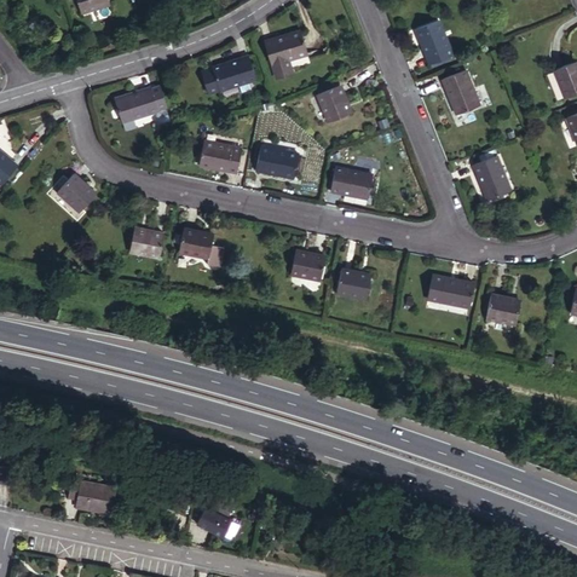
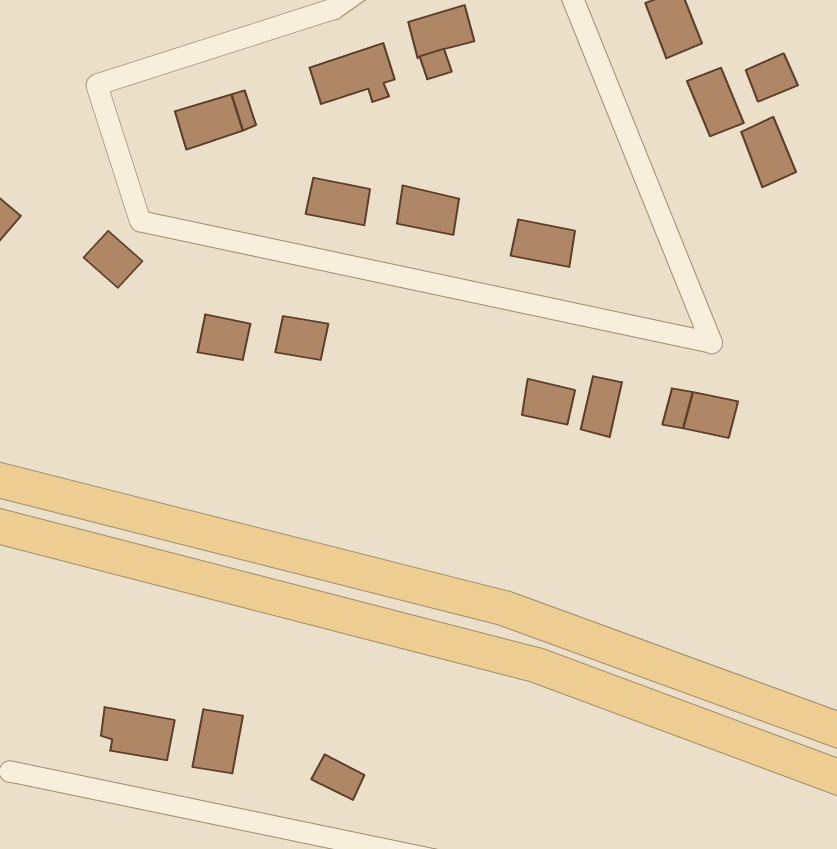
building: none -> [746,53,798,102]
building: [318,85,351,121] -> none
building: [474,155,509,200] -> [741,117,796,187]
building: [292,252,325,279] -> none
building: none -> [581,376,622,437]
building: [486,294,520,323] -> none
building: none -> [193,709,243,774]

